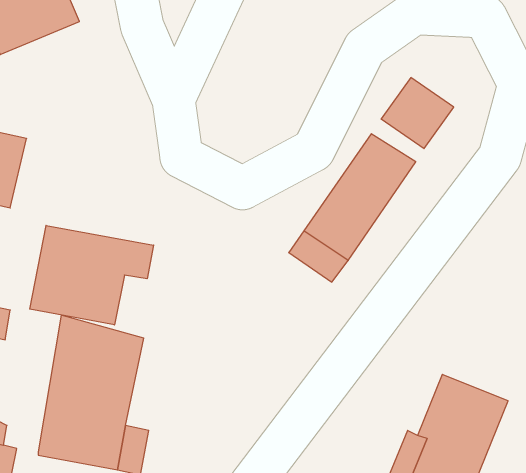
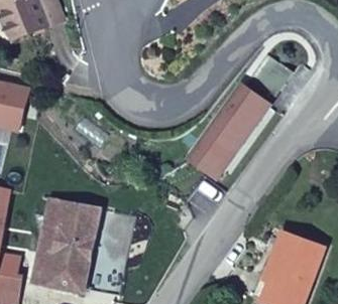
building: [30,225,154,325] -> none

